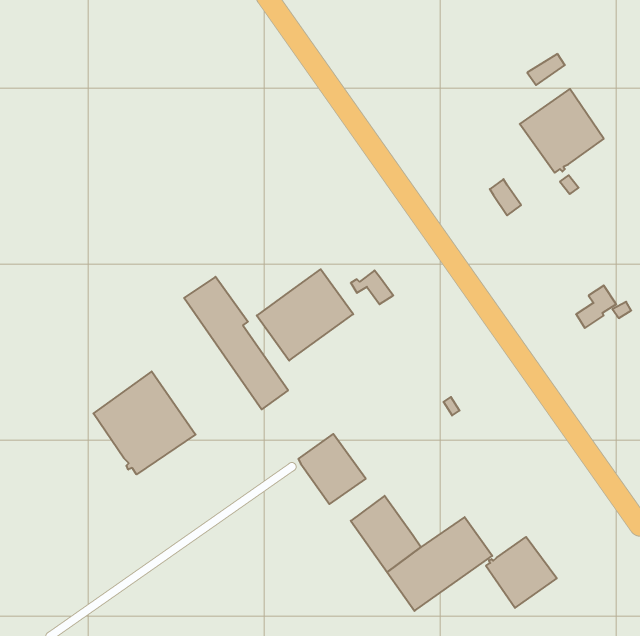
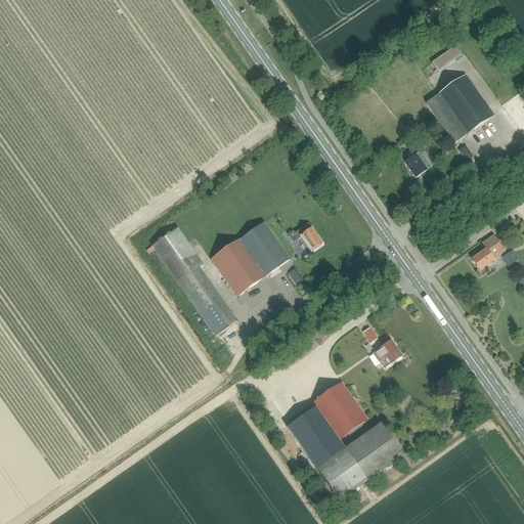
building: [93,371,196,474] -> none
building: none -> [374,333,400,364]
building: [298,434,366,504] -> [312,381,367,438]
building: [486,537,557,608] -> none

